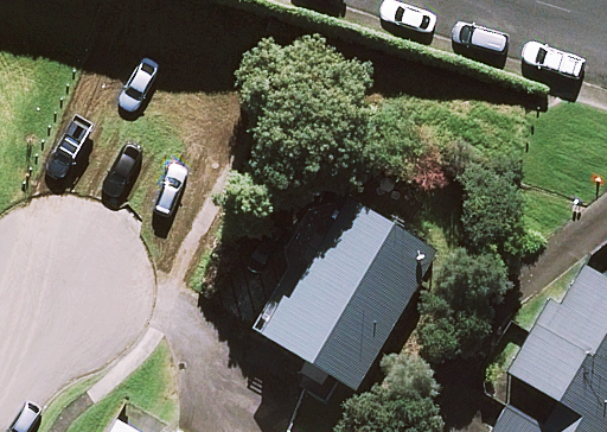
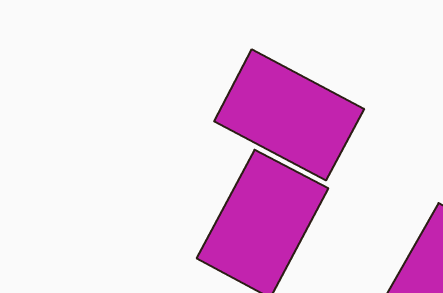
building: none -> [214,49,364,180]

